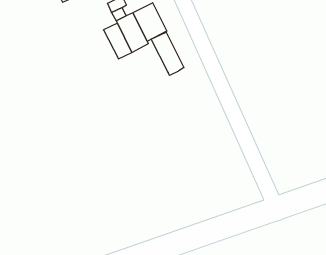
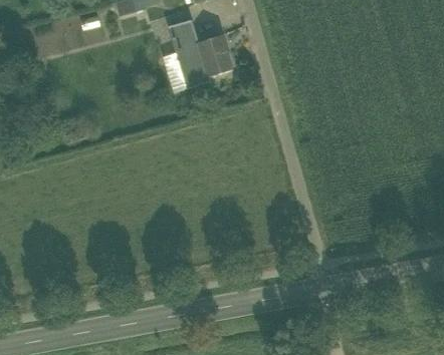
building: [151,32,184,75] -> none

